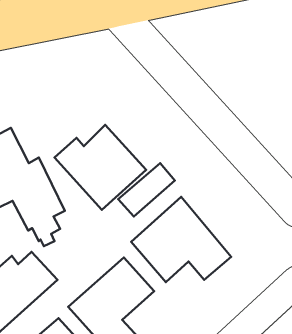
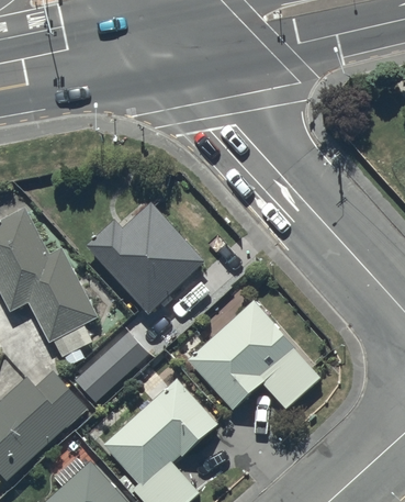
building: [118,163,175,216] -> [72,331,148,402]

